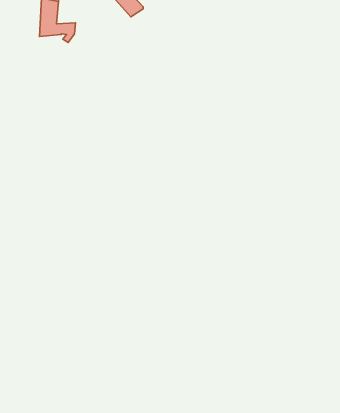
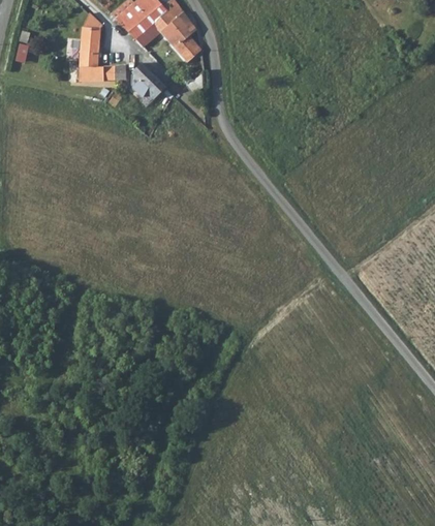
building: none -> [132,63,165,99]

